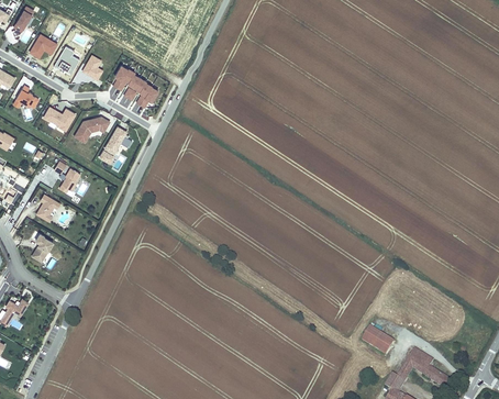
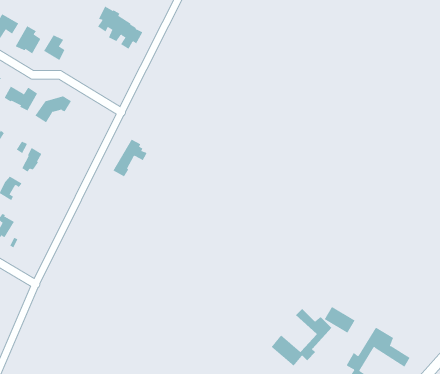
building: [112,64,158,108] -> [97,6,143,50]
building: [98,125,133,164] -> [113,139,148,177]
building: none -> [271,308,332,366]

